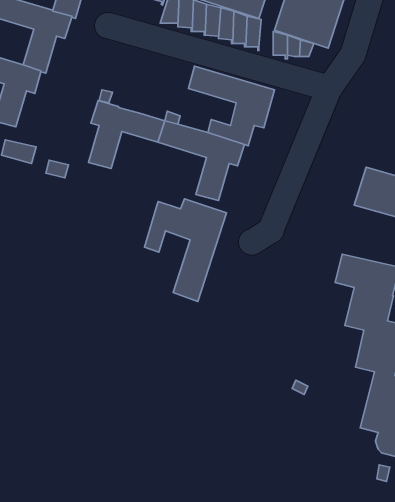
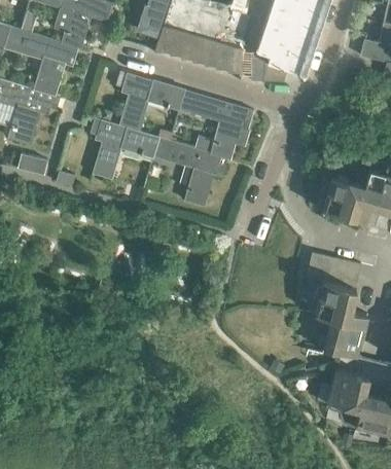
building: none -> [118,72,184,131]
building: [144,199,227,301] -> none

